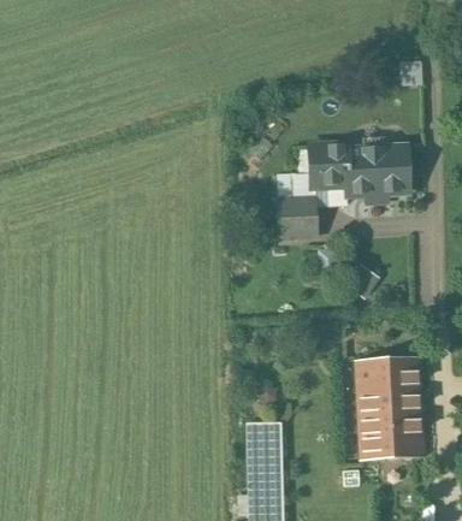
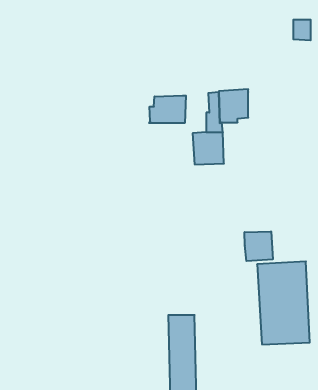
building: [346,147,408,195] -> none
building: none -> [149,96,186,123]
building: none -> [245,231,273,261]

